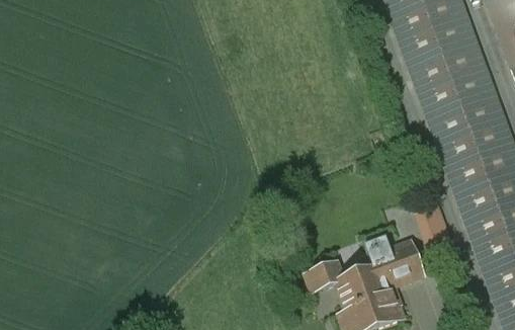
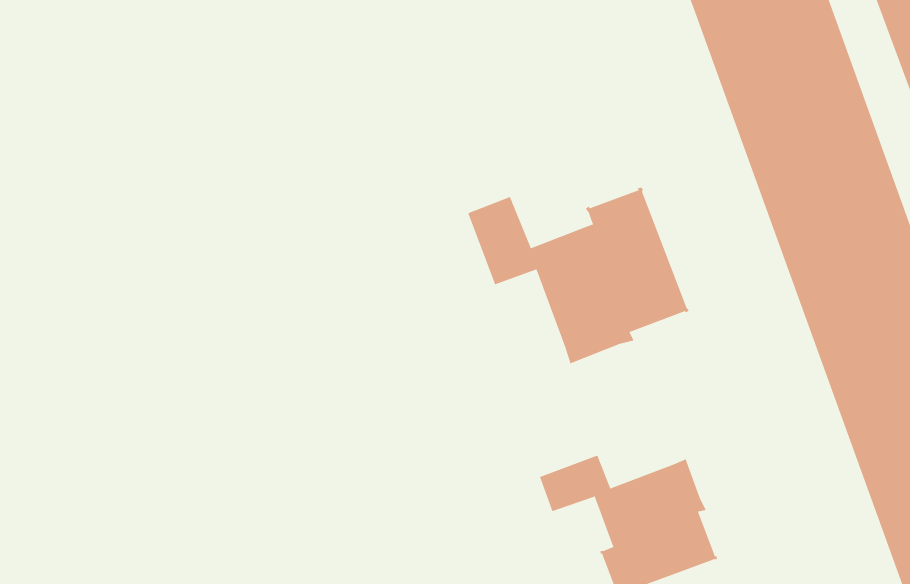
building: none -> [467,187,690,364]
building: [373,238,422,281] -> none

